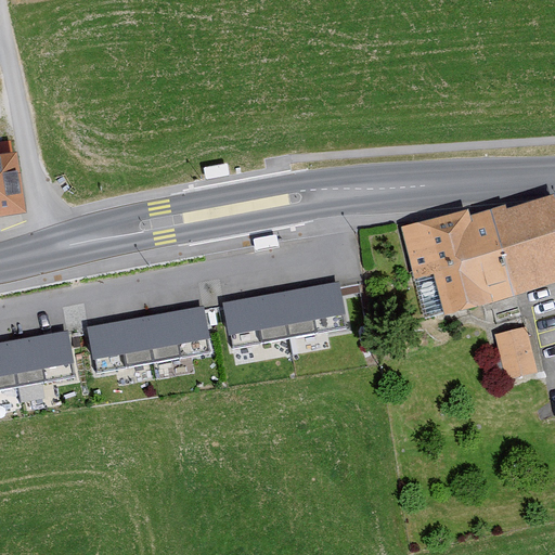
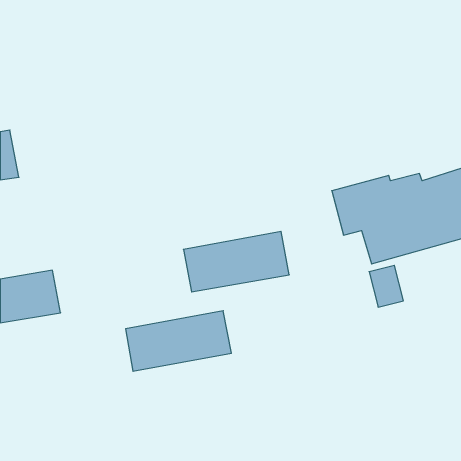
building: [85,299,211,372] -> [126,311,231,371]
building: [492,330,533,379] -> [369,265,403,307]

